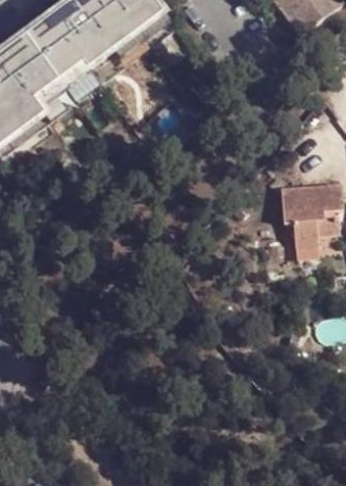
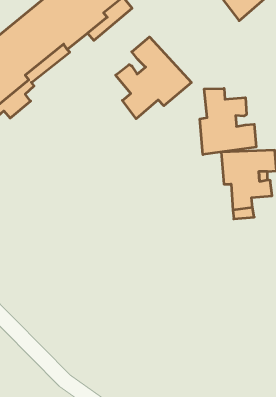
building: none -> [116,37,191,119]
building: none -> [200,88,256,155]

